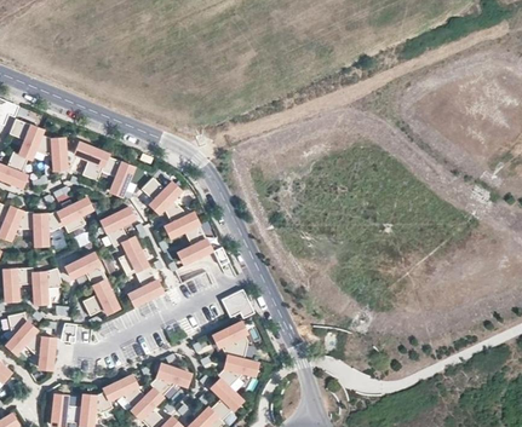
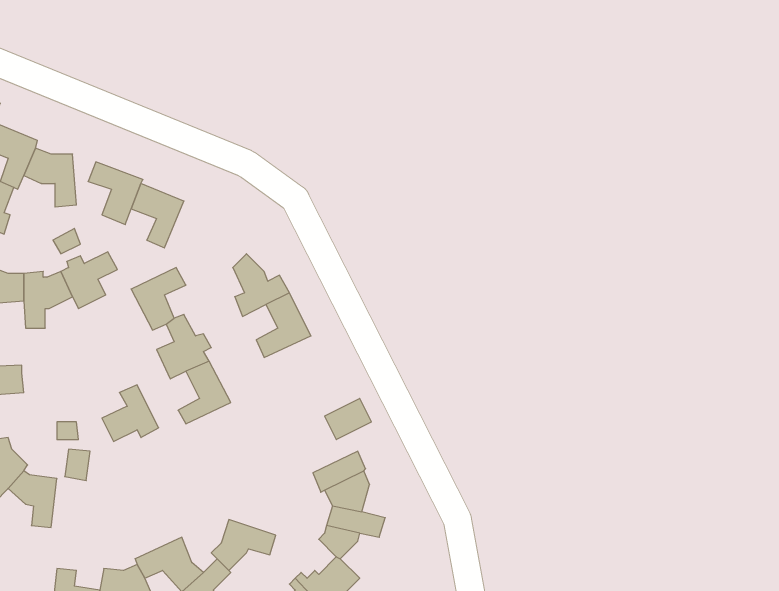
building: [140,178,180,213] -> none
building: [65,253,107,287] -> none
building: [33,269,62,304] -> none

